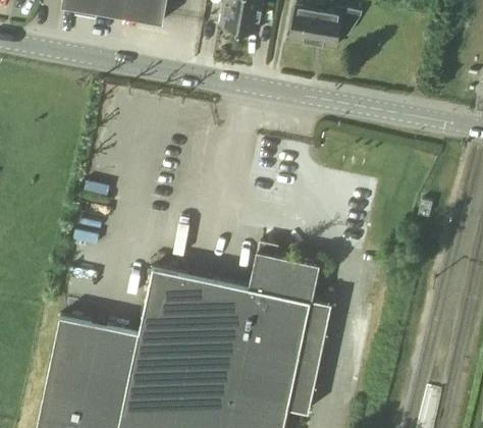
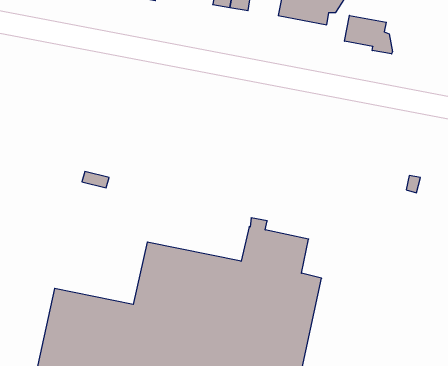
building: none -> [345,15,392,54]

